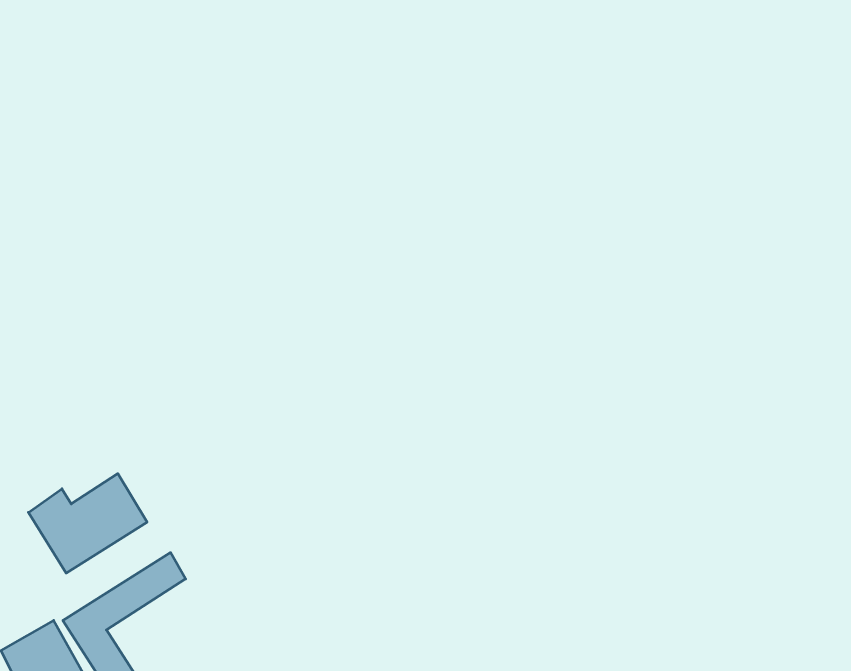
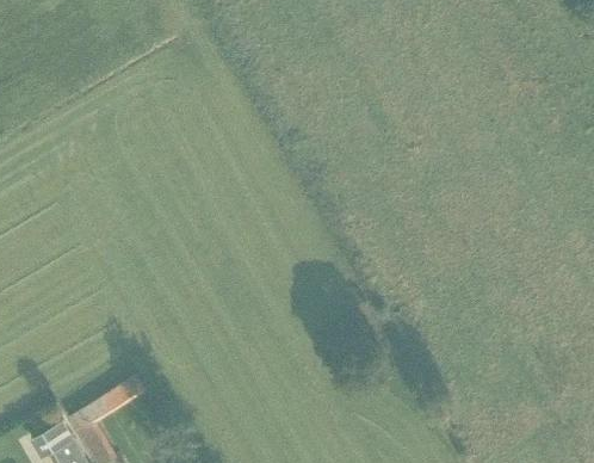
building: [28,474,147,573] -> none

